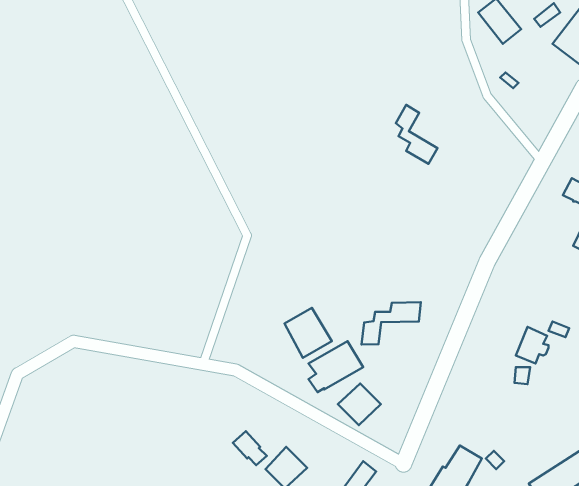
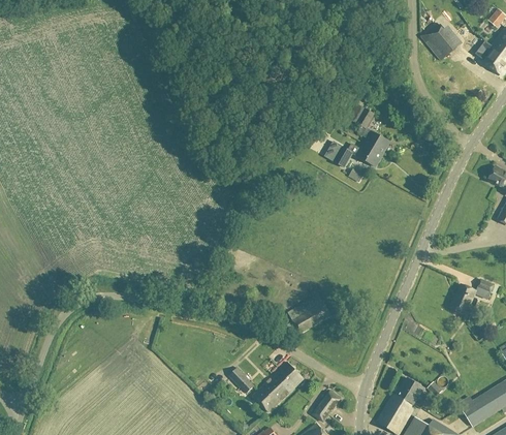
building: none -> [335,143,383,166]
building: [361,302,421,345] -> none
building: [285,308,332,358] -> none
building: [338,383,381,425] -> [271,362,305,395]

